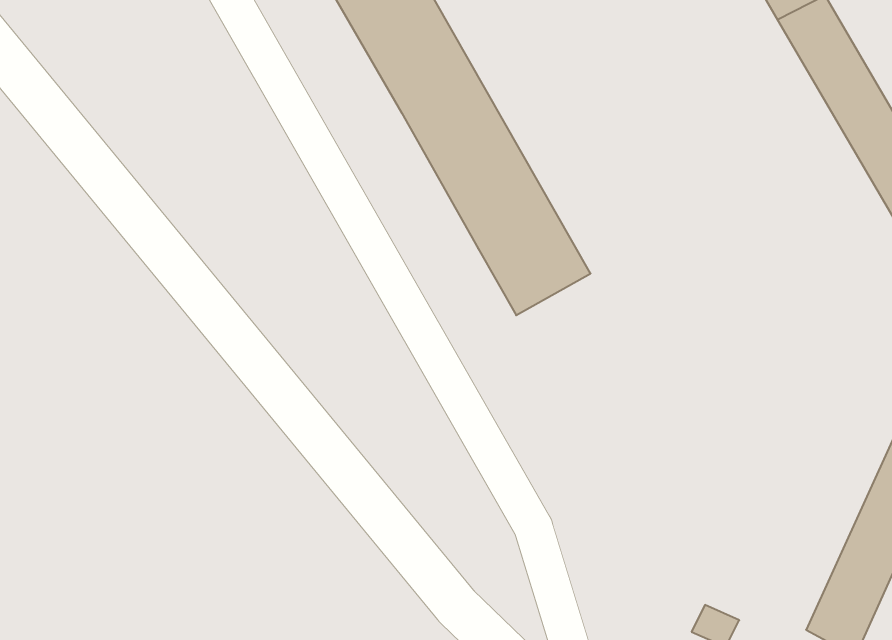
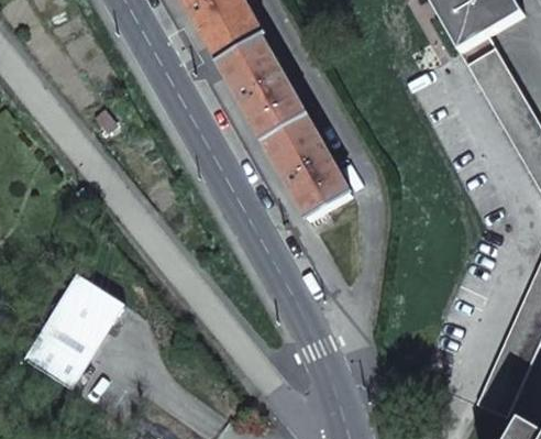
building: none -> [24,274,126,388]

